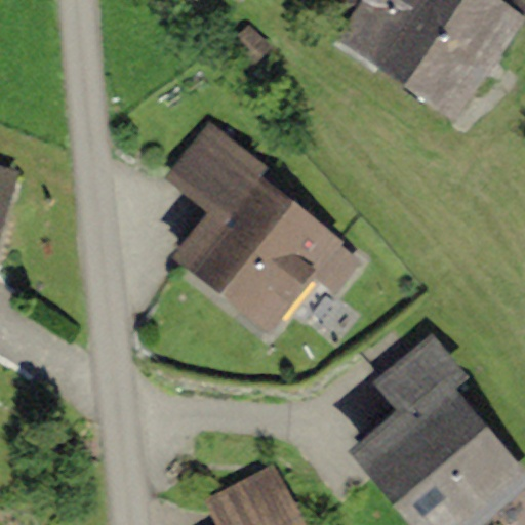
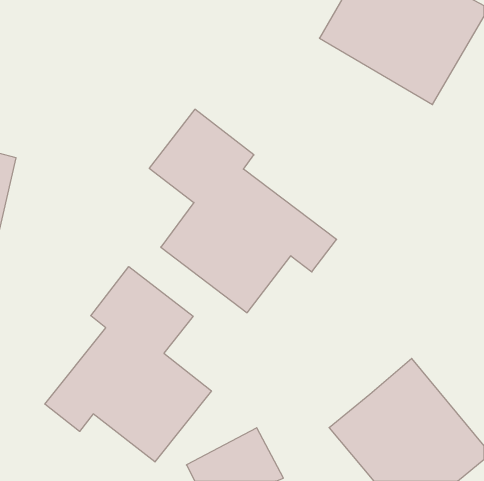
building: none -> [45,267,211,462]
building: [368,335,462,426] -> none

